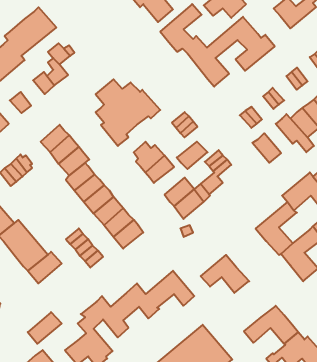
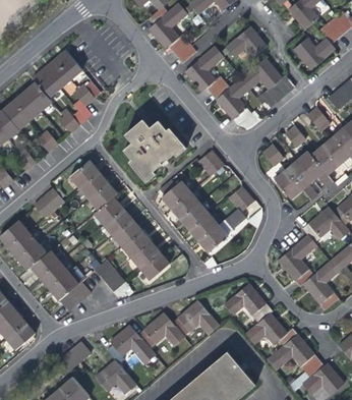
building: none -> [285,160,316,199]
building: [177,142,208,169] -> [179,202,209,228]
building: none -> [243,312,296,346]

